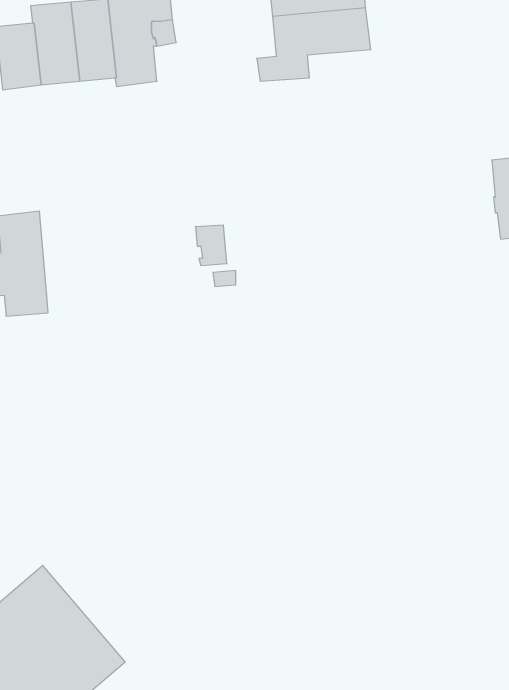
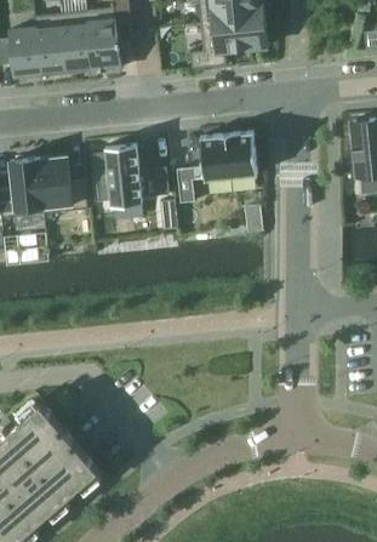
building: none -> [177,131,258,194]
building: none -> [97,143,143,206]
building: none -> [40,155,88,213]

